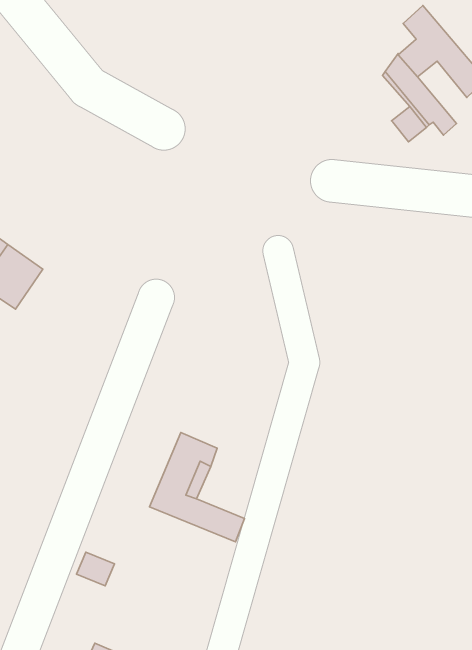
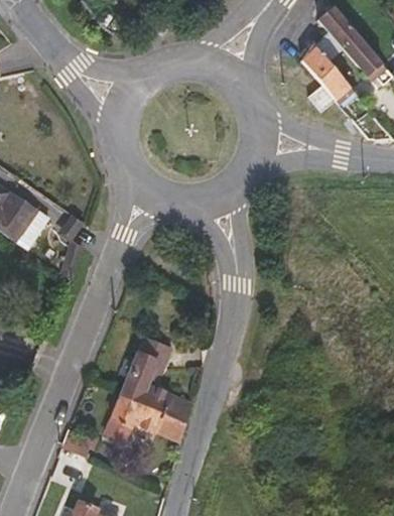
building: none -> [104,394,186,442]

